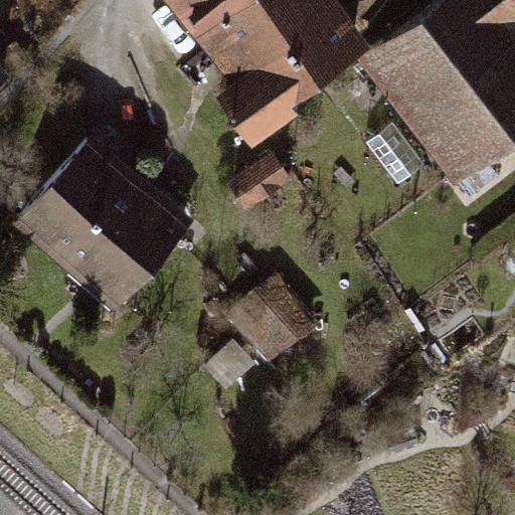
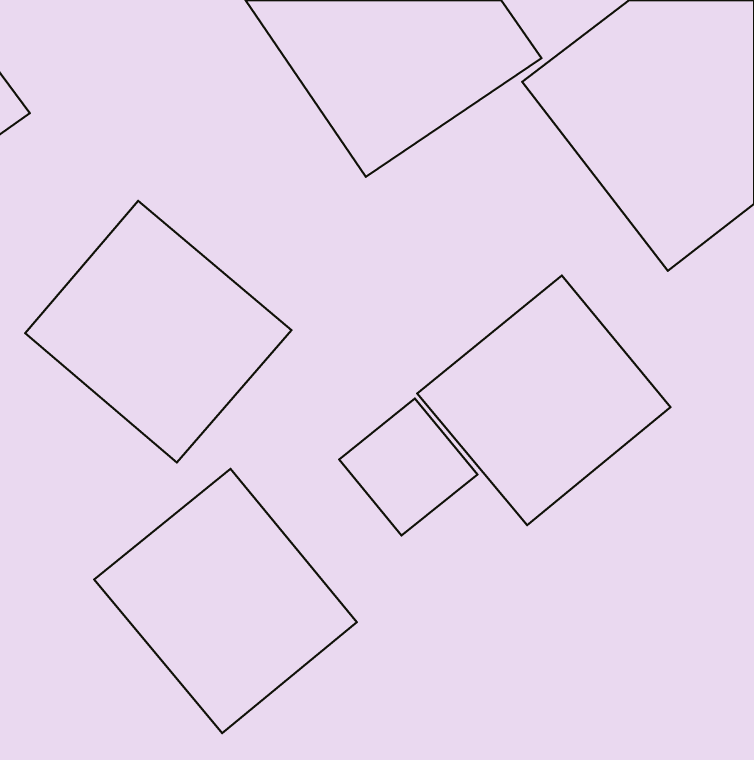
building: none -> [417,275,671,525]
building: none -> [94,469,357,733]

